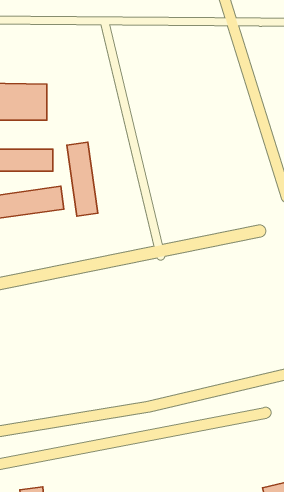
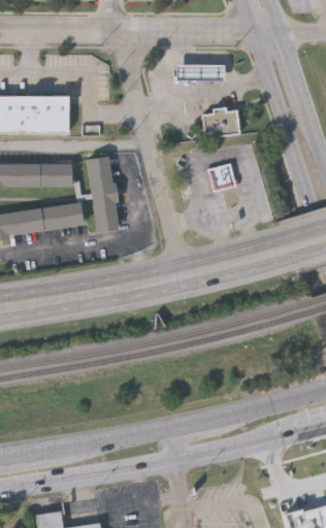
building: none -> [175,66,224,80]
building: none -> [201,106,240,136]
building: none -> [205,163,236,194]

